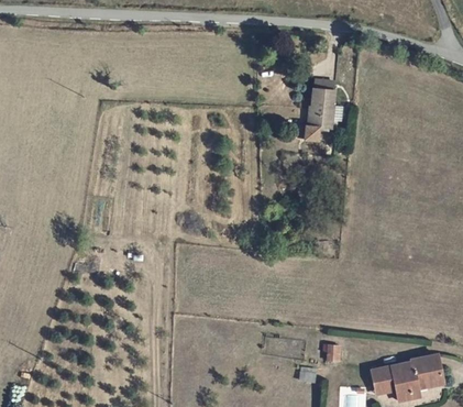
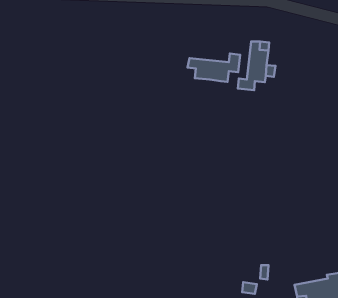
building: none -> [187,53,240,82]

